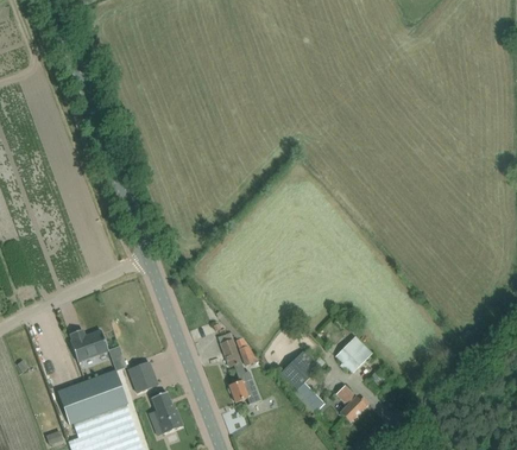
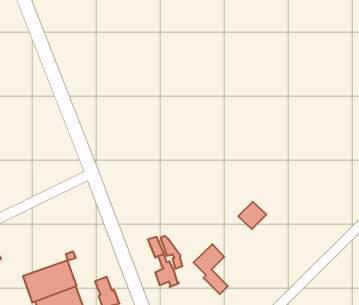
building: [70,328,108,361] -> none
building: [335,336,372,372] -> [238,202,266,229]
building: [128,360,158,392] -> none
building: [336,385,368,422] -> none

